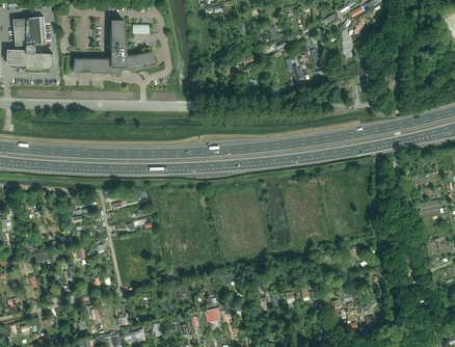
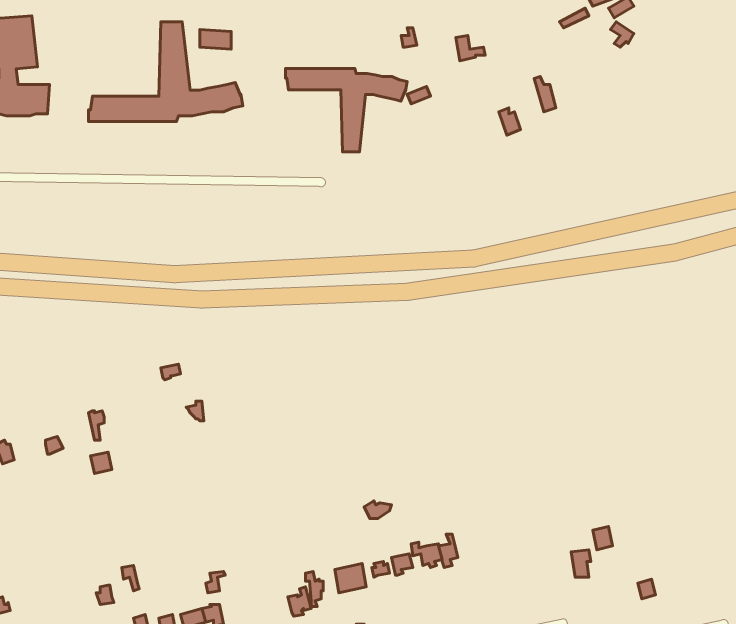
building: none -> [285,68,407,152]

